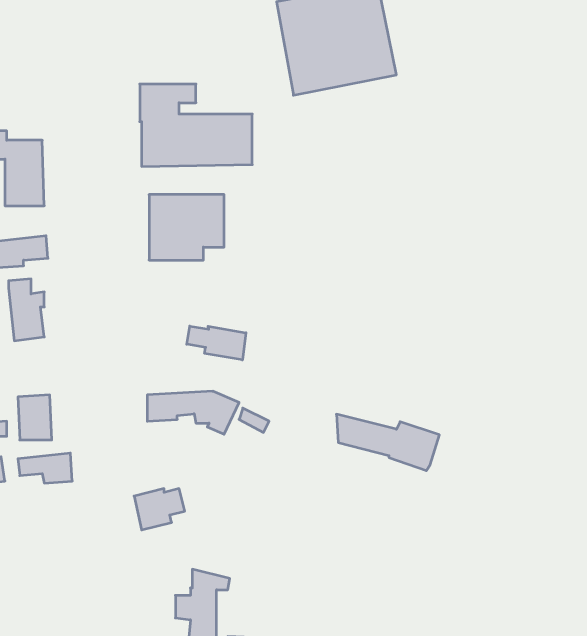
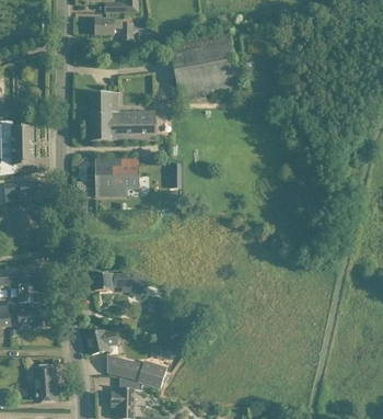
building: [187,326,246,360] -> none
building: [336,414,439,471] -> [106,355,166,388]
building: none -> [33,365,55,401]

